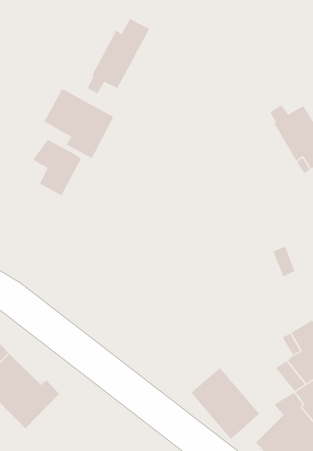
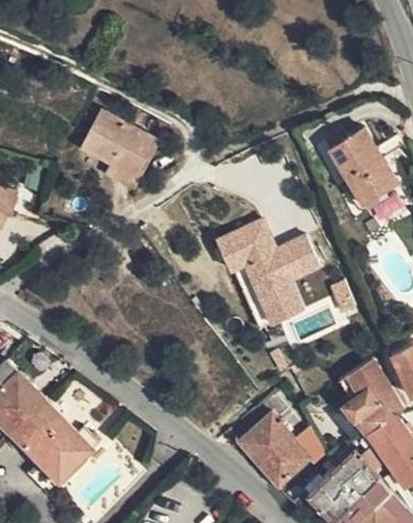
building: [87,18,150,94] -> none
building: [33,139,82,196] -> none
building: none -> [213,219,319,328]

